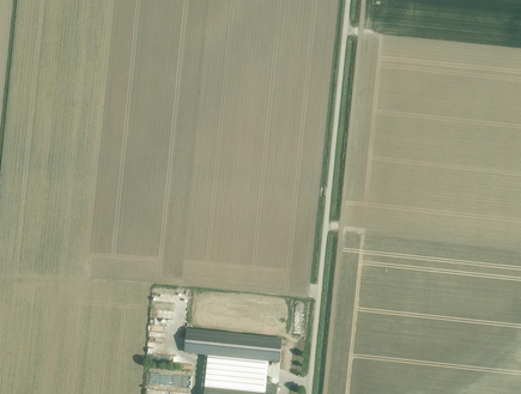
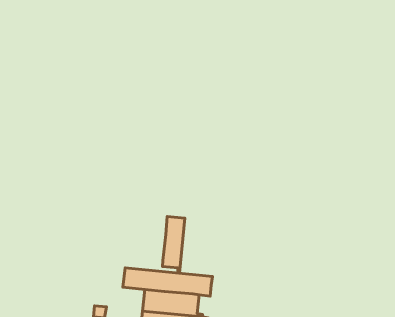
building: none -> [163,217,185,273]

